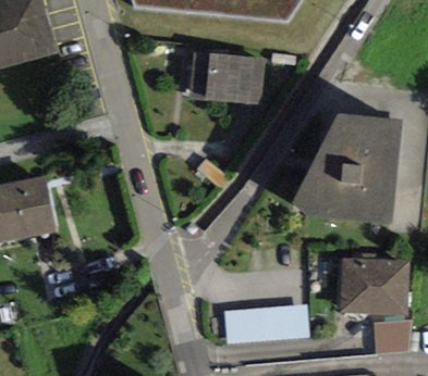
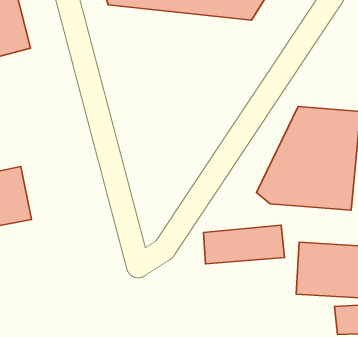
building: [189,51,264,102] -> none
building: [224,303,309,343] -> [203,225,284,264]

